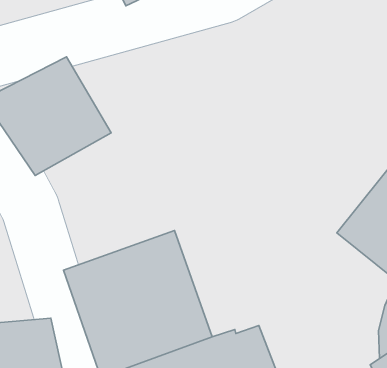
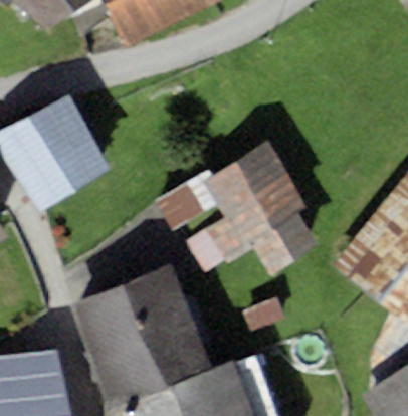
building: none -> [155,140,315,266]

